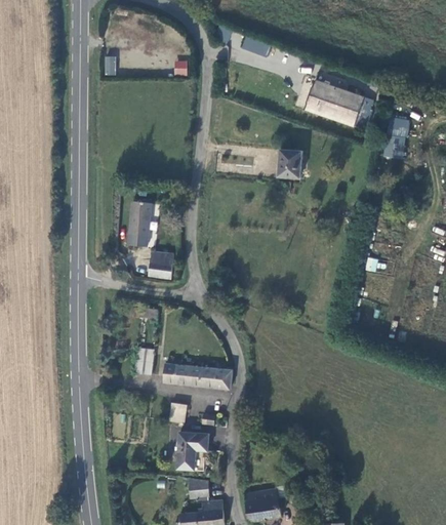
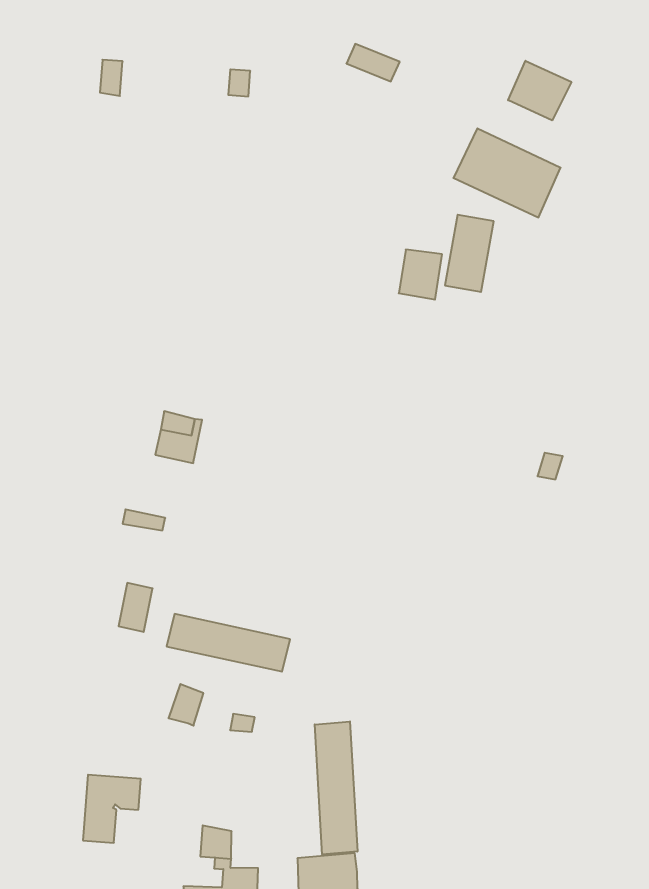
building: none -> [508,61,571,120]
building: [382,117,407,159] -> [445,215,494,292]
building: [130,200,154,245] -> none
building: none -> [315,721,357,855]
building: [178,434,208,471] -> [83,775,141,843]

